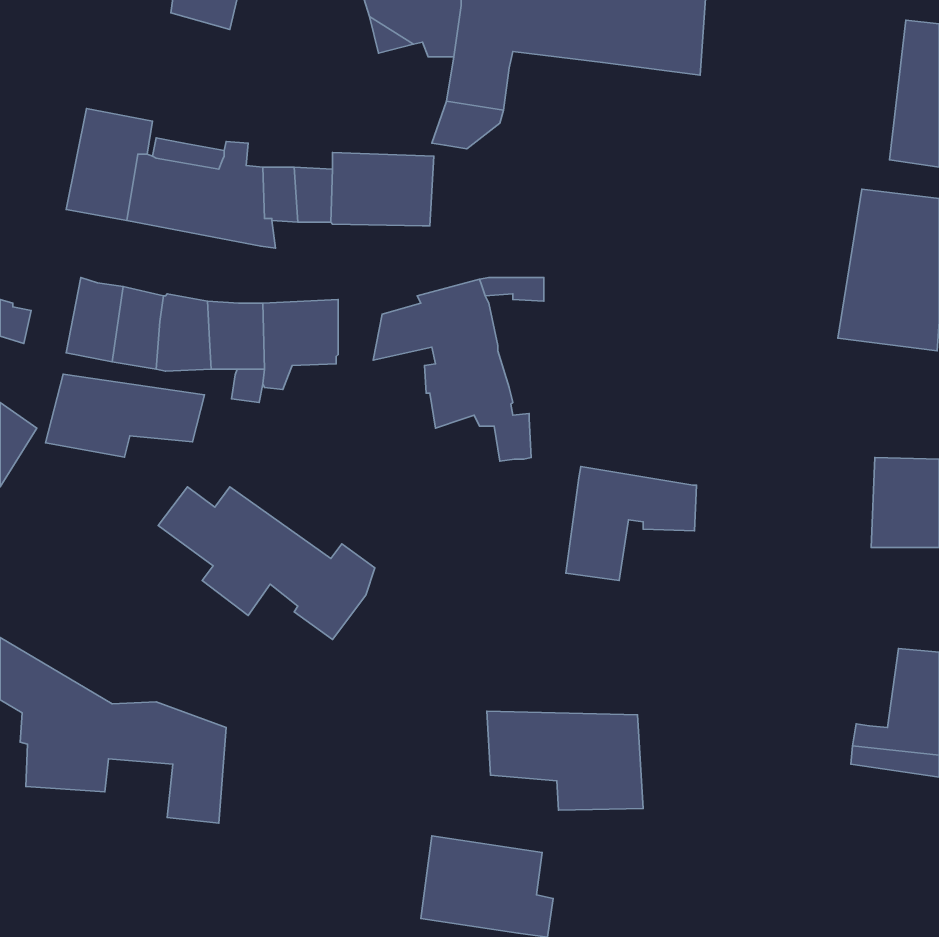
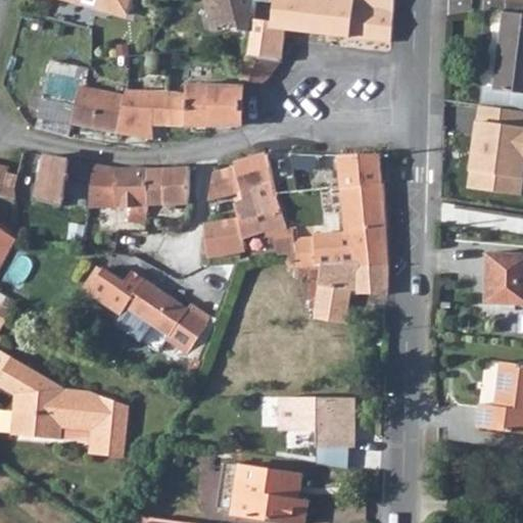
building: none -> [286,154,385,270]
building: [46,374,204,457] -> none
building: none -> [203,219,244,257]

